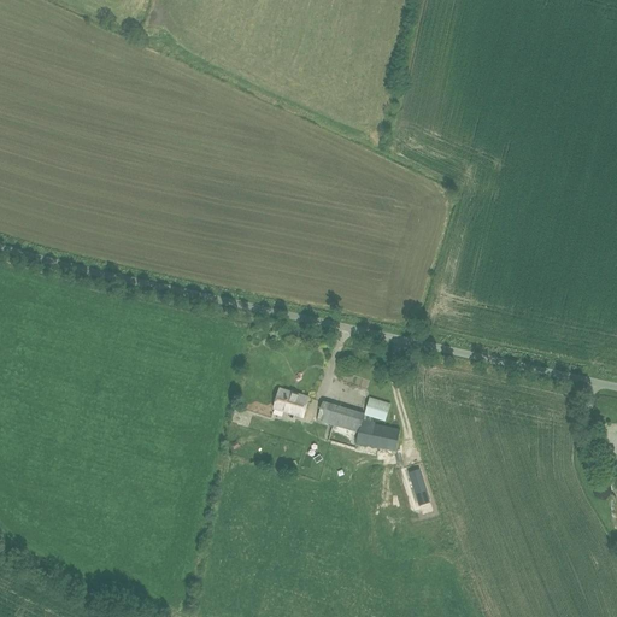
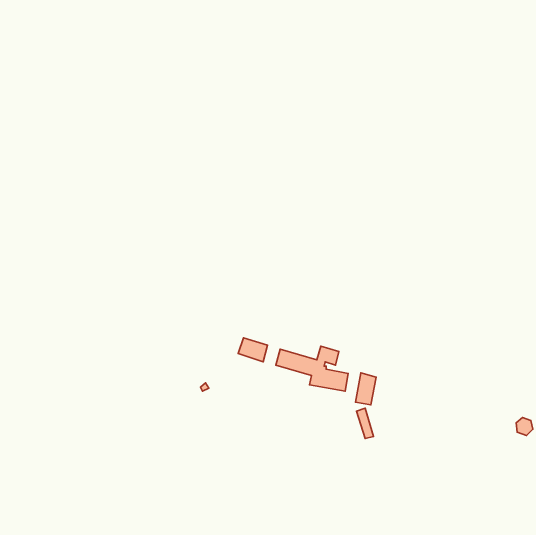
building: none -> [356,373,376,405]

